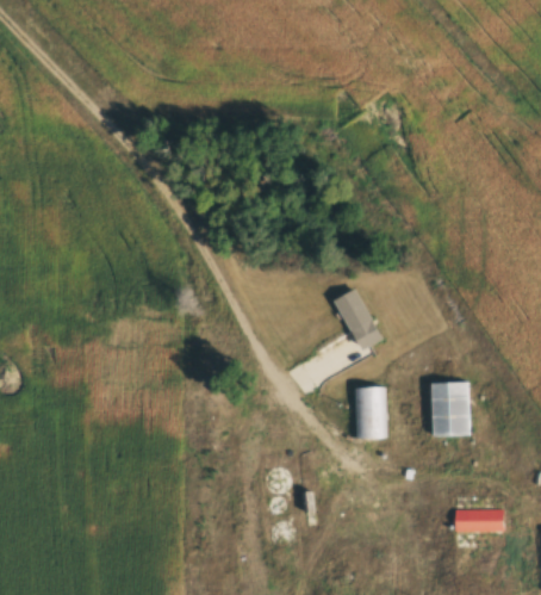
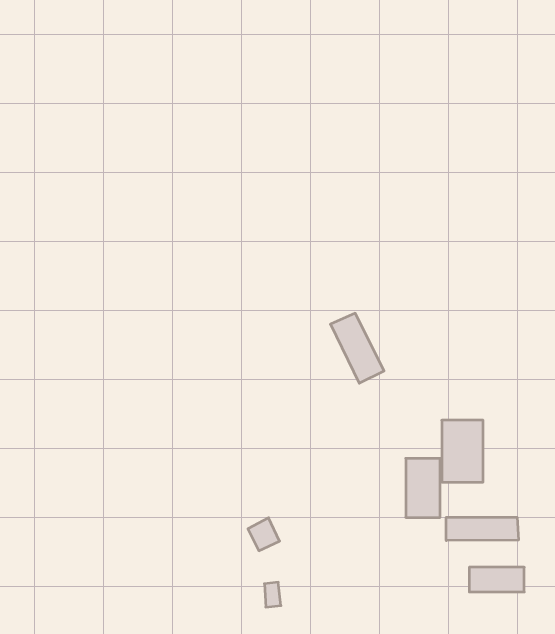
building: [355,386,385,438] -> [406,458,440,517]
building: none -> [446,517,518,541]

